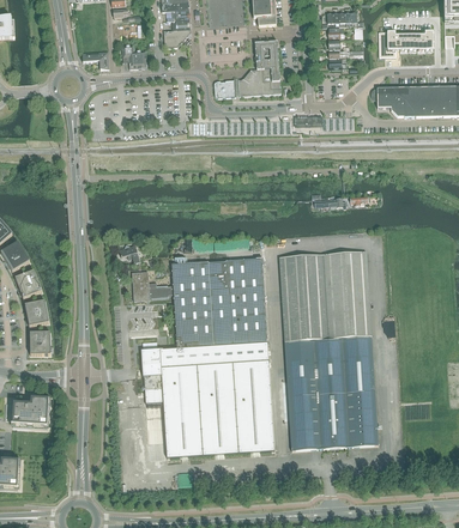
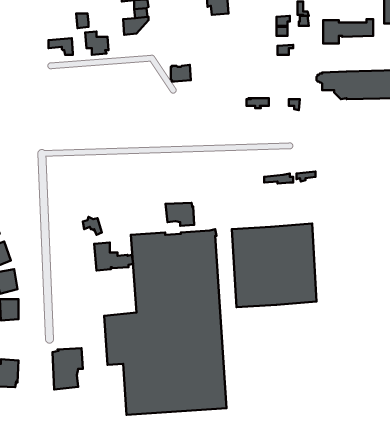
building: [236,41,280,96] -> none
building: none -> [166,203,194,226]
building: [284,336,378,450] -> none
building: none -> [53,348,83,389]

